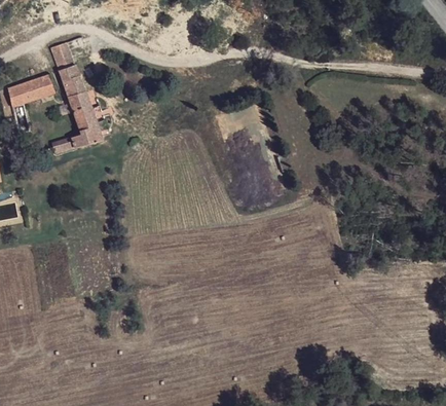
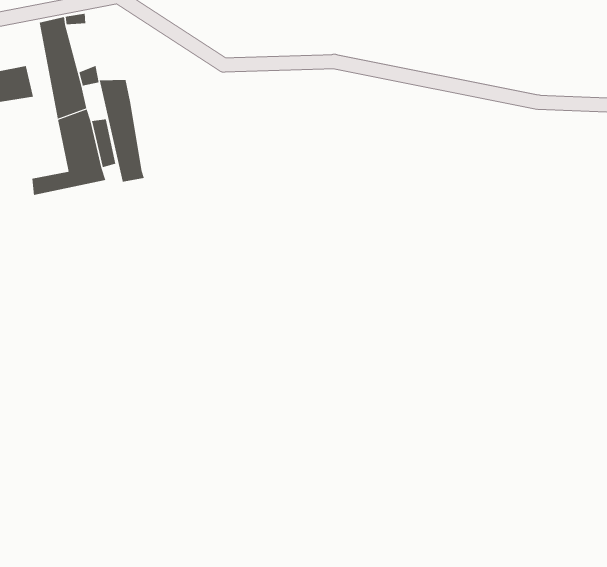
building: none -> [99,79,145,182]

